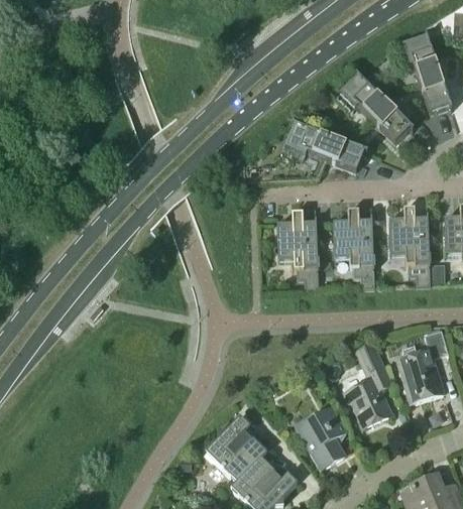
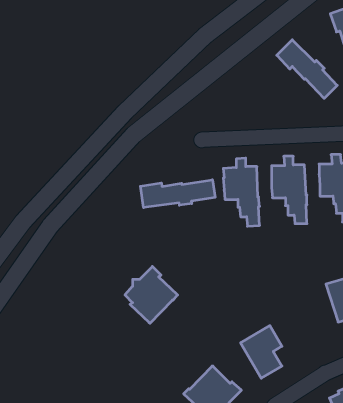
building: [285,122,364,170] -> none
building: none -> [140,180,215,208]
building: [347,344,392,427] -> none
building: [209,415,270,482] -> [125,266,178,323]

